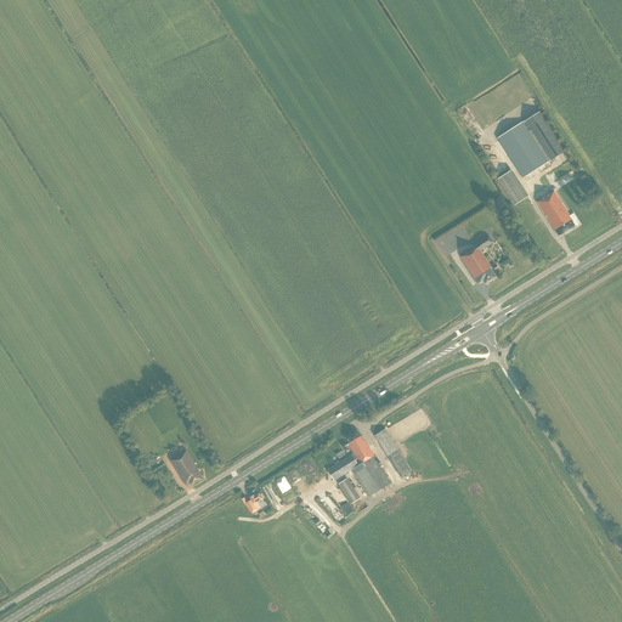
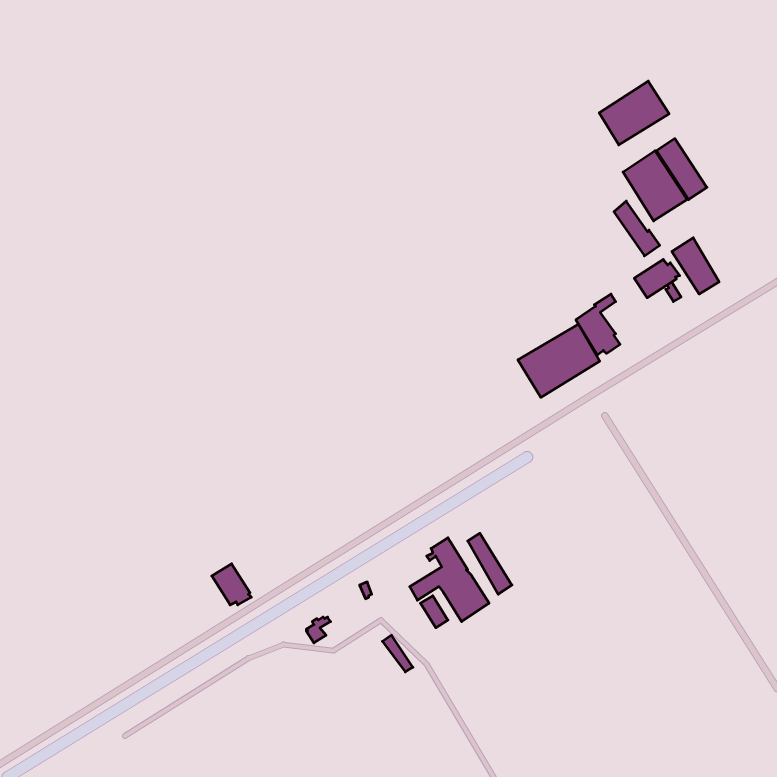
building: none -> [599,81,669,145]
building: none -> [634,259,680,298]
building: none -> [518,324,600,397]

